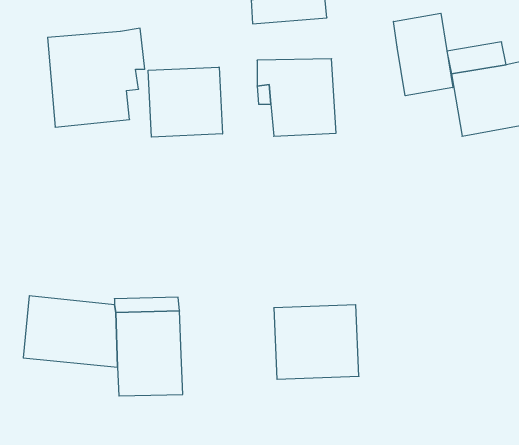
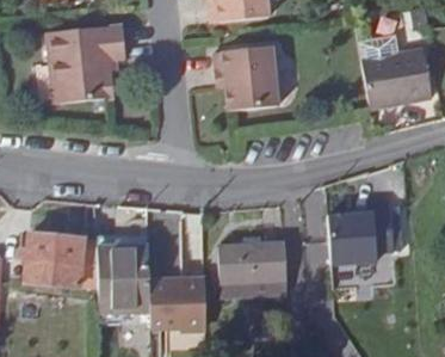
building: [393,13,453,96] -> none
building: [148,67,222,137] -> none
building: none -> [334,211,382,265]
building: none -> [152,275,209,330]

